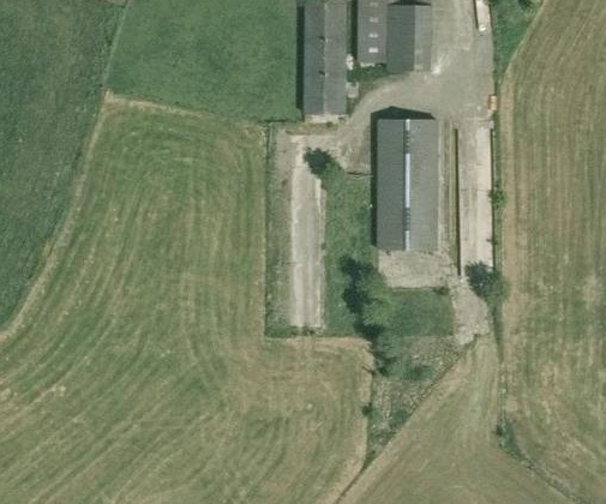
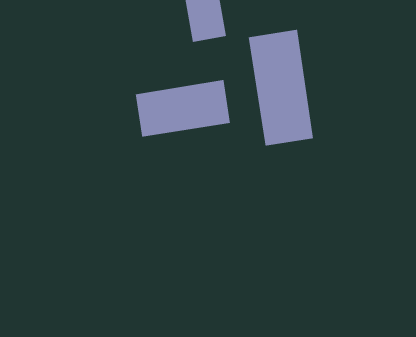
building: none -> [135,79,231,137]

